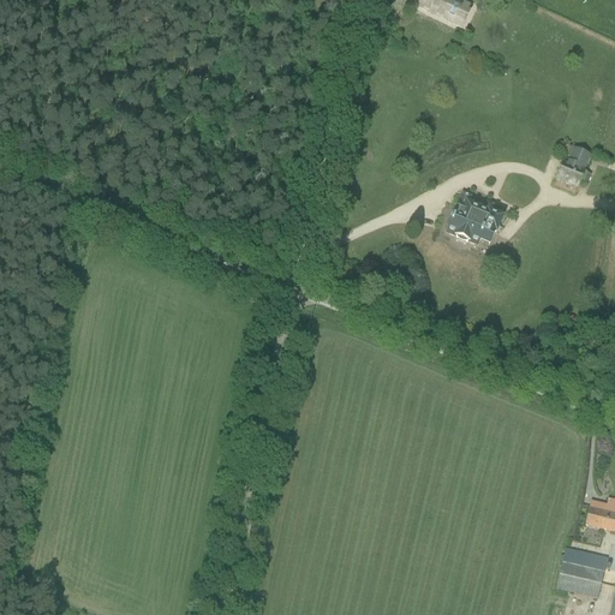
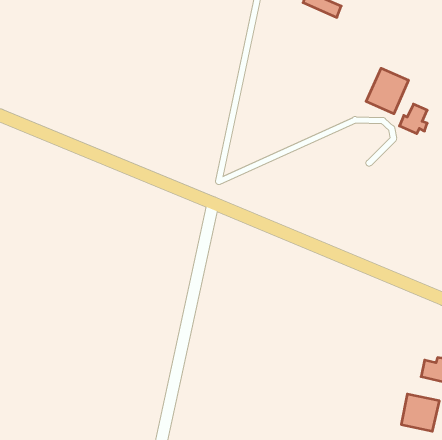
building: none -> [366,68,408,114]
building: [444,190,503,244] -> none

